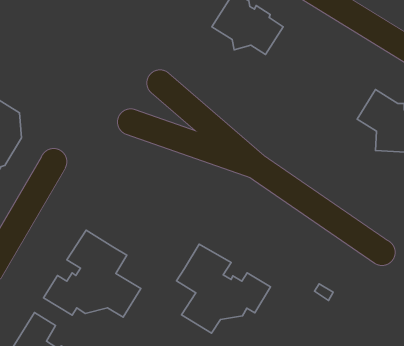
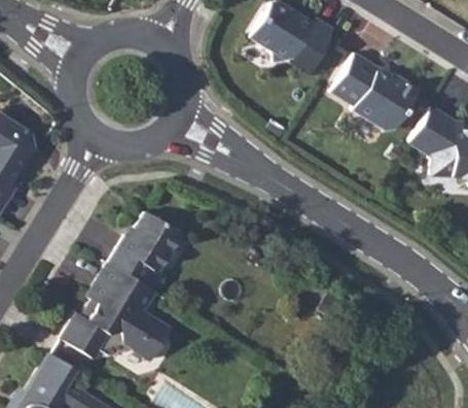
building: none -> [331,52,418,130]
building: none -> [109,210,181,280]
building: [177,244,271,333] -> none

